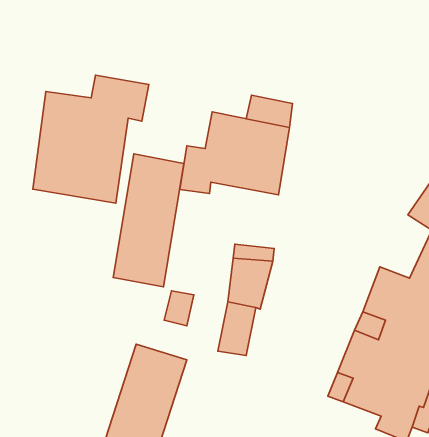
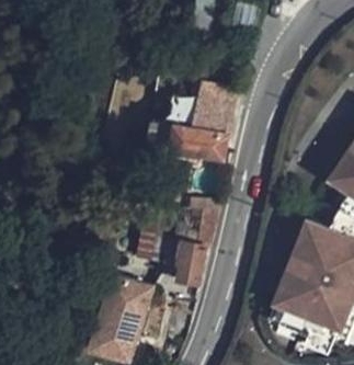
building: [33,75,149,203] -> none
building: [113,154,184,287] -> none

